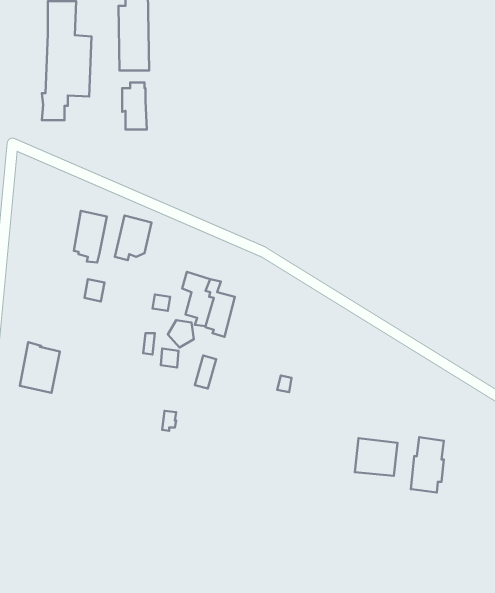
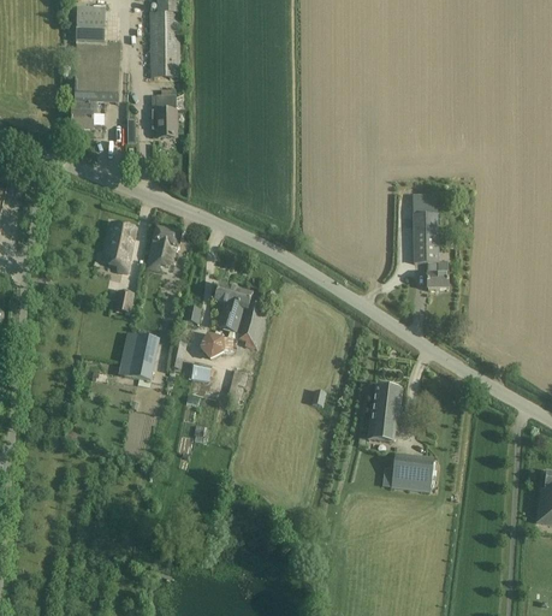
building: none -> [411,194,447,289]
building: [20,342,60,393] -> [118,330,159,381]
building: [411,437,444,493] -> [367,385,400,442]

